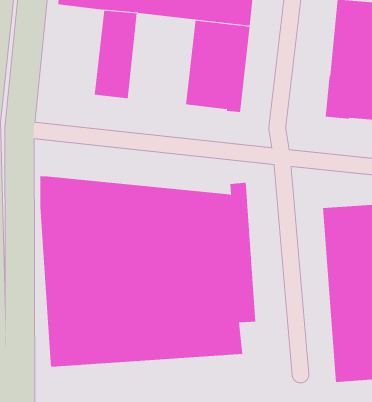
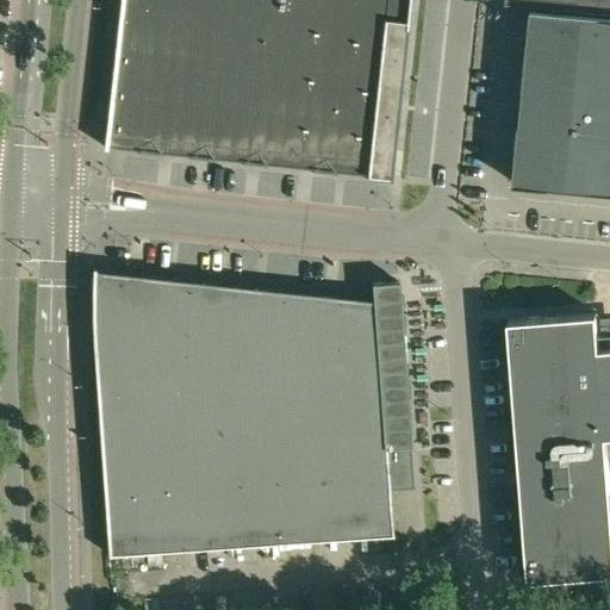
building: none -> [105,20,187,154]
building: none -> [224,33,322,168]

